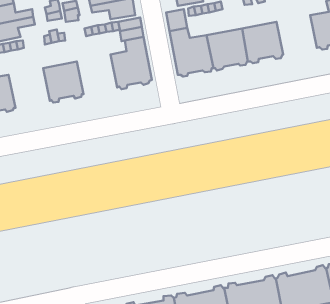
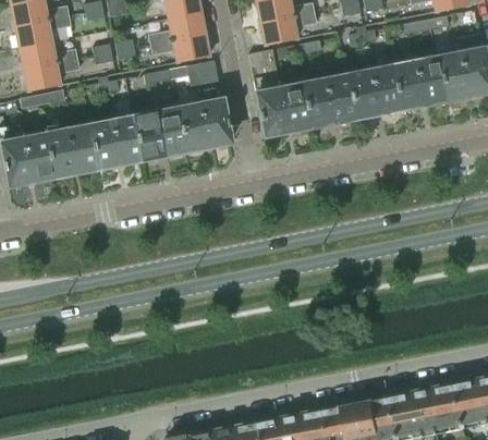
building: none -> [391,57,443,110]
building: none -> [133,108,185,161]
building: none -> [45,125,98,179]

